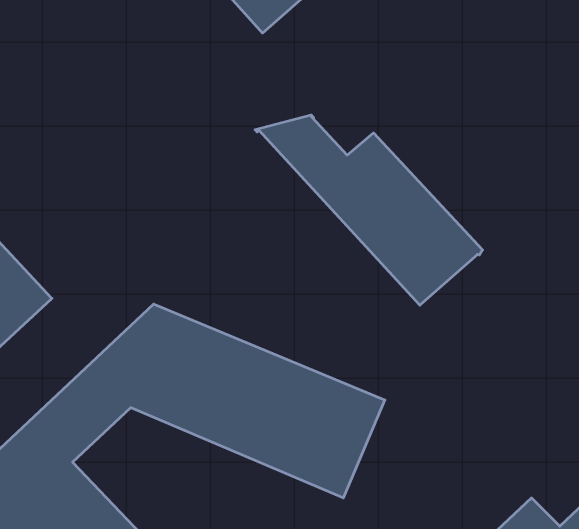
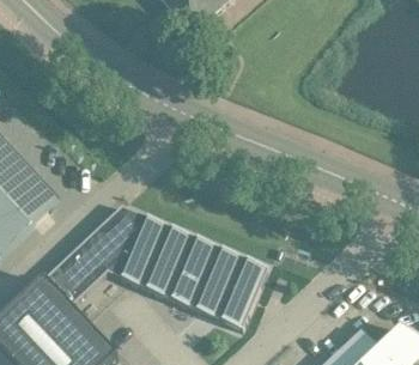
building: [255,115,483,305] -> none

